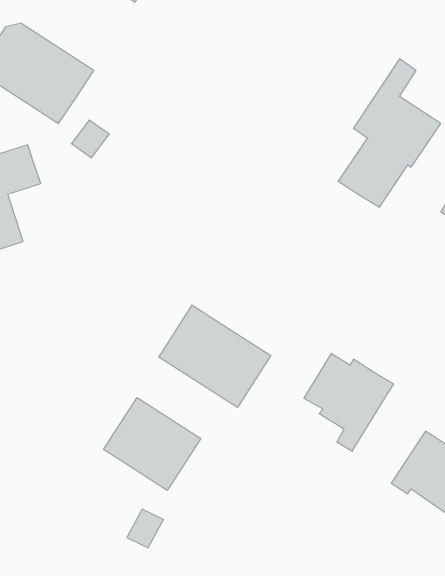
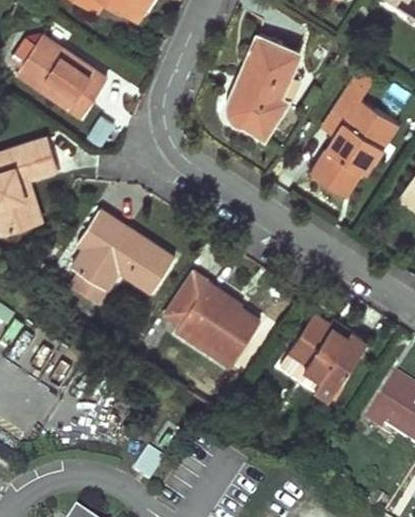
building: none -> [227,35,298,134]
building: none -> [66,209,173,304]
building: [103,398,201,490] -> none

